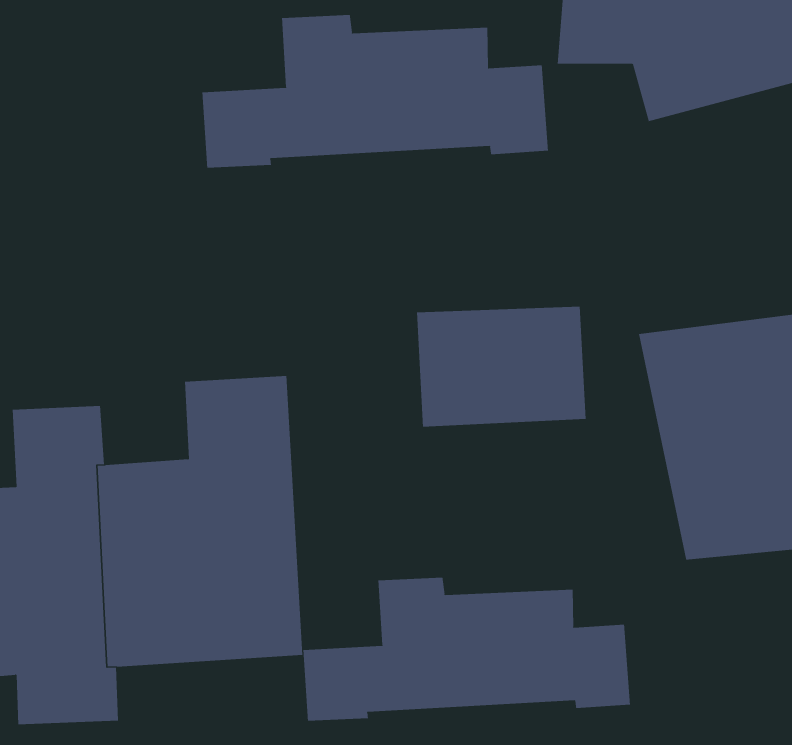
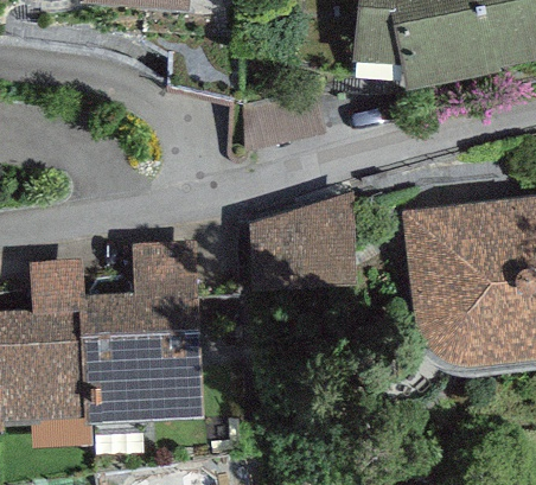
building: [202,14,549,168] -> none
building: [303,577,630,721] -> none

